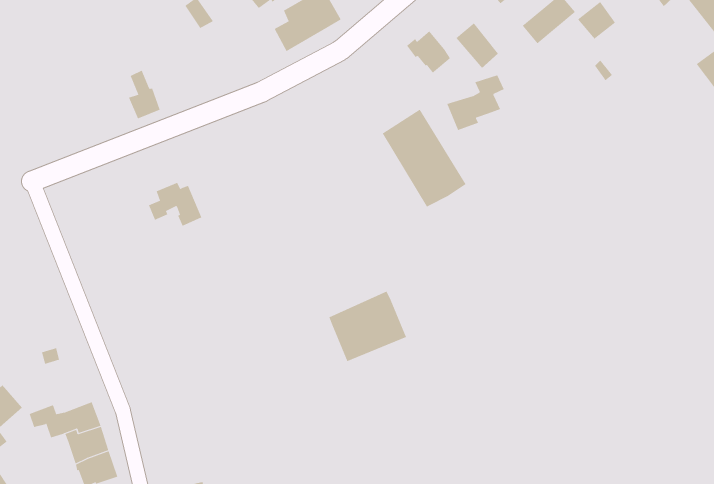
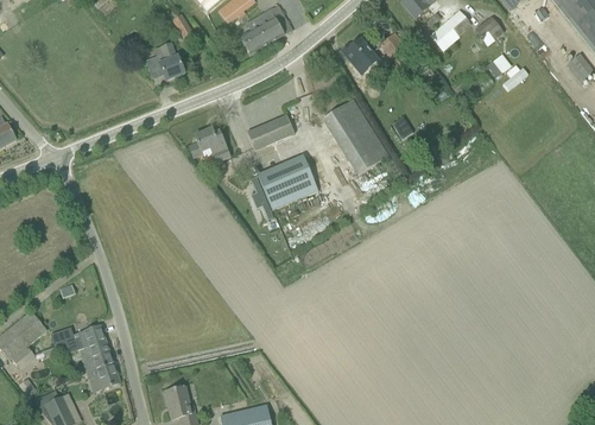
building: [128,70,161,119] -> [159,42,184,80]
building: [447,75,504,131] -> none
building: none -> [247,114,293,150]
building: [148,182,202,227] -> [189,128,230,163]
building: [328,291,407,362] -> [258,154,318,209]

